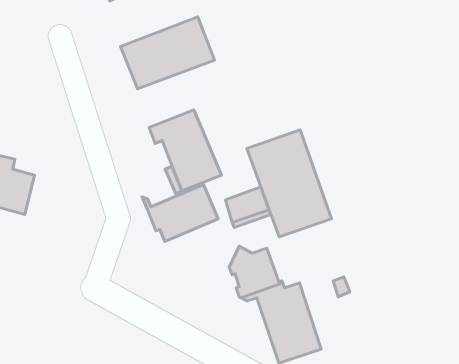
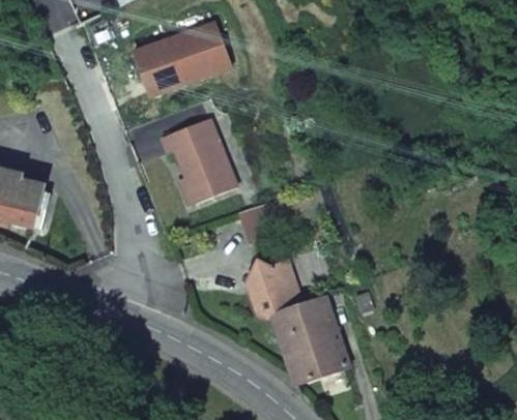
building: [247,130,332,237] -> none
building: [142,185,218,241] -> none

